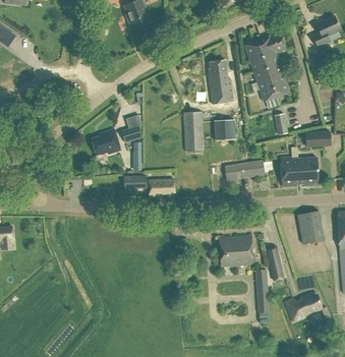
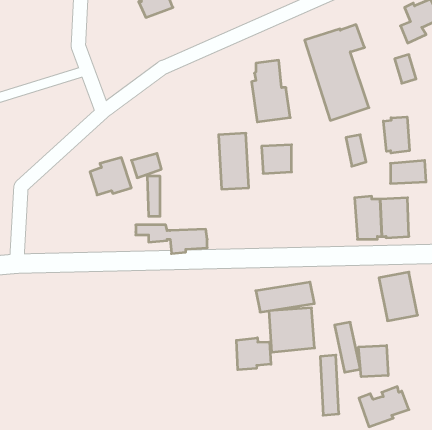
building: none -> [383,117,409,153]
building: [224,159,266,180] -> [256,282,314,312]
building: none -> [236,338,271,370]
building: none -> [359,345,388,377]

